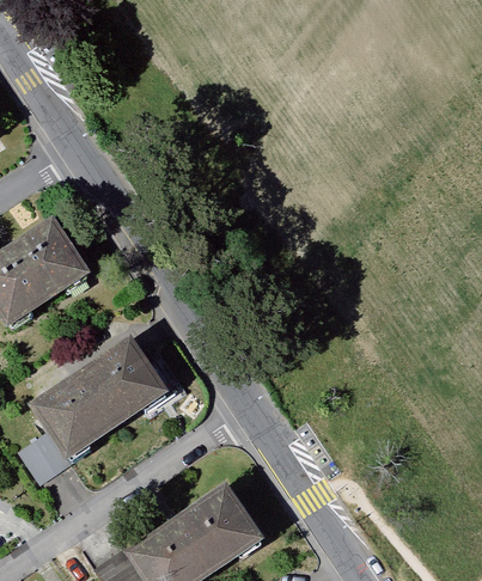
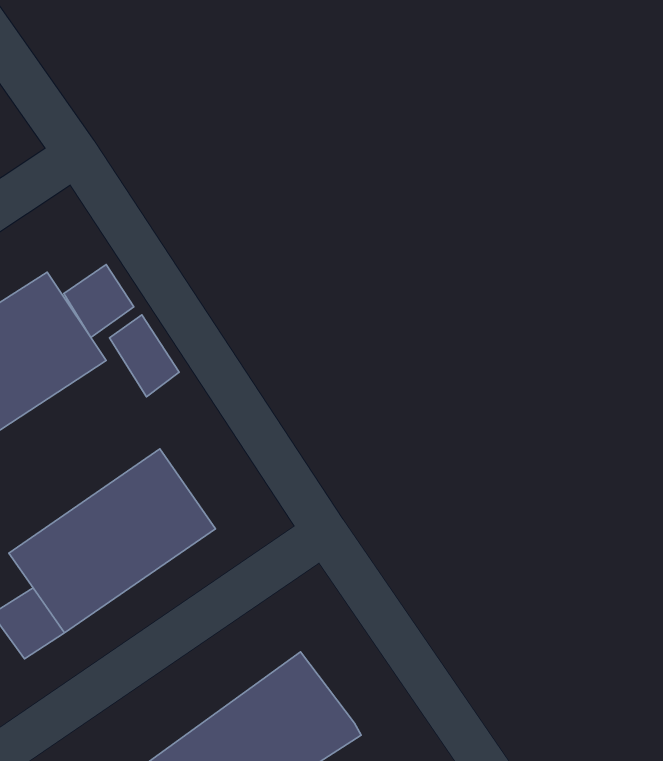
building: none -> [64,264,134,338]
building: none -> [109,315,179,397]

